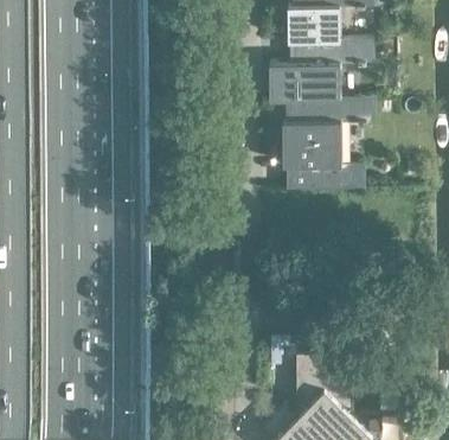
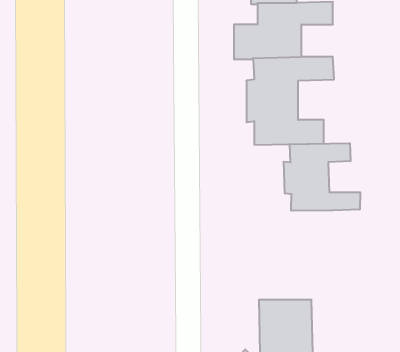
building: none -> [284,143,360,211]

